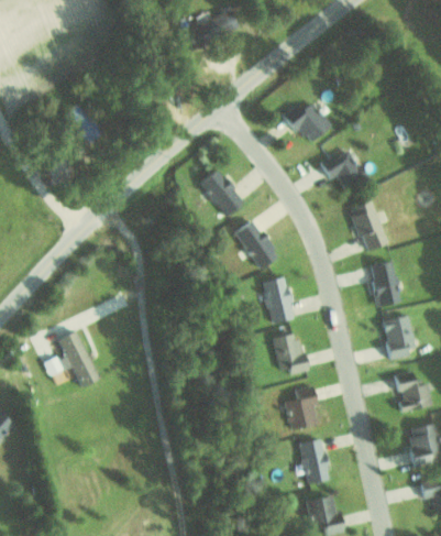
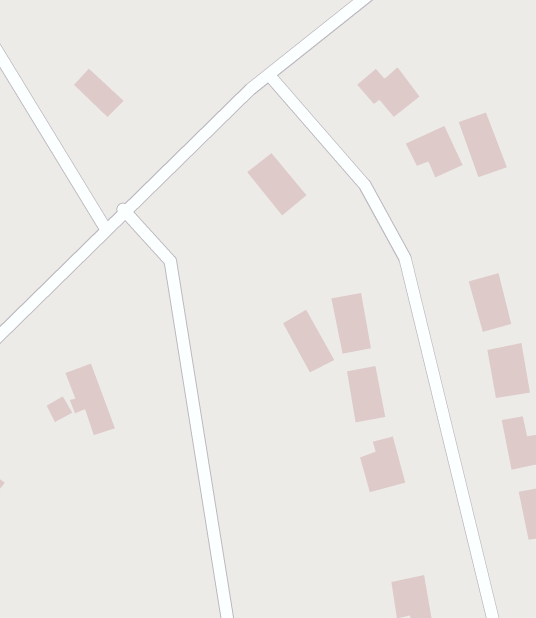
building: [350,200,388,251] -> [458,112,508,178]
building: [235,218,276,267] -> [282,309,335,373]
building: [298,438,330,484] -> none

